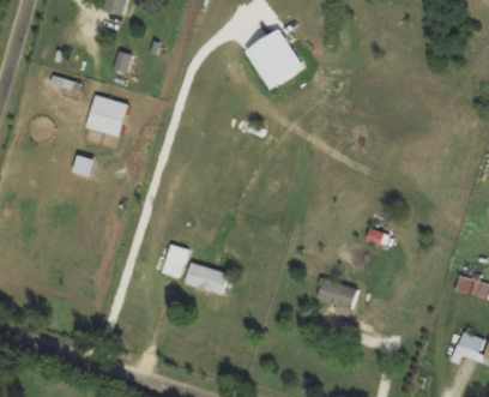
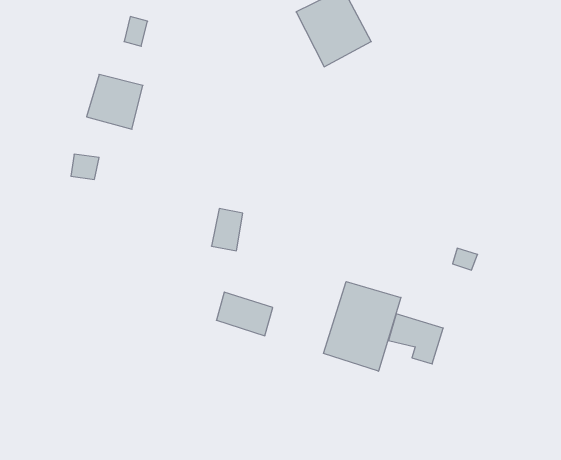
building: [162,245,186,277] -> [211,209,243,251]
building: none -> [324,282,401,371]

